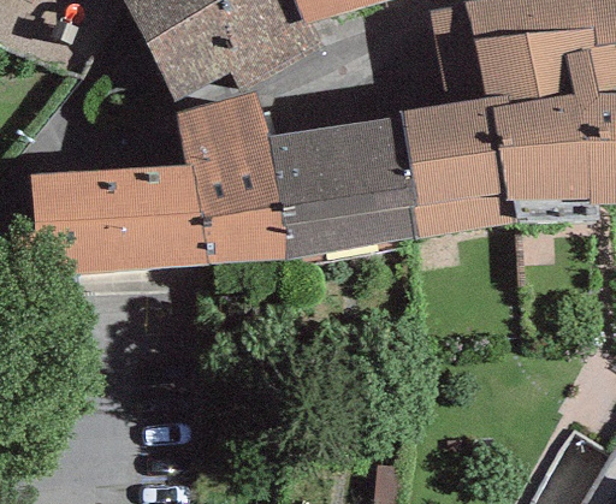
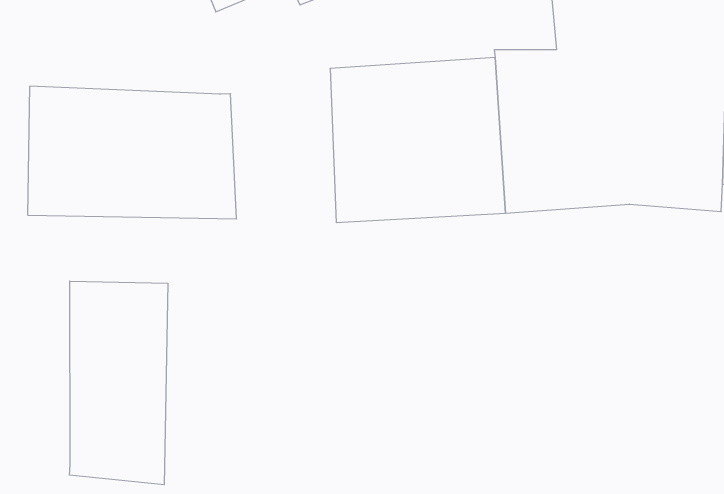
building: [176,93,286,262] -> none
building: none -> [69,281,168,485]

